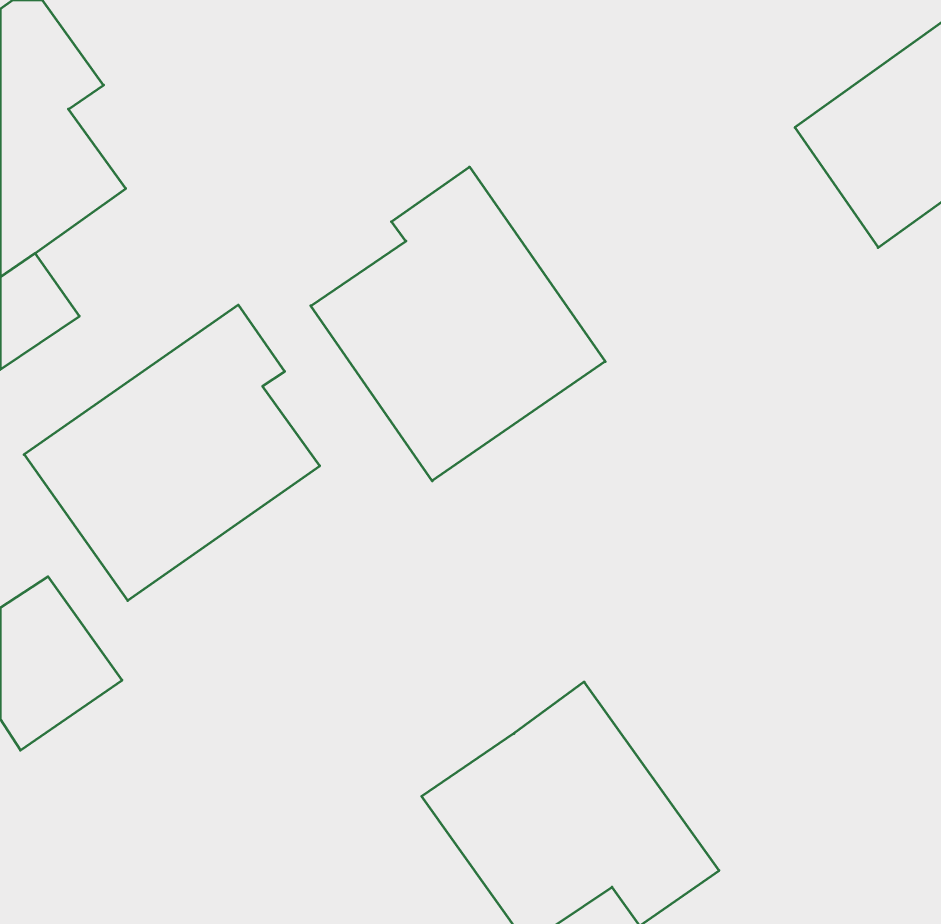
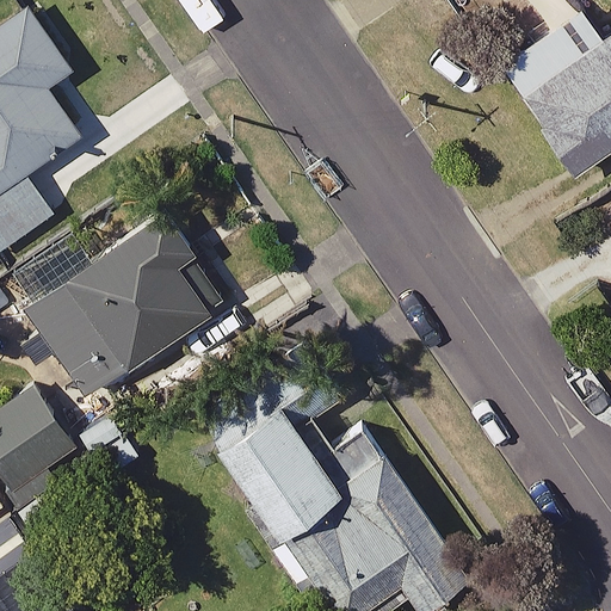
building: [311,167,605,481] -> none
building: none -> [211,395,334,527]

